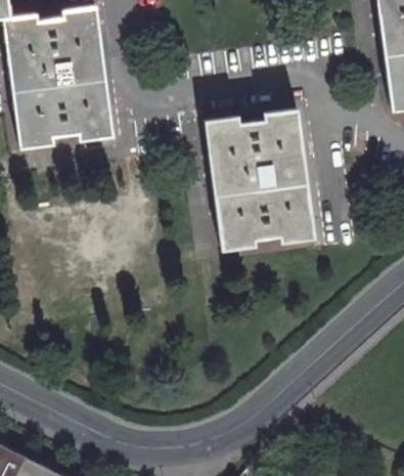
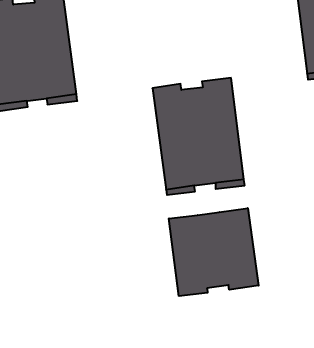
building: none -> [169,208,259,296]

